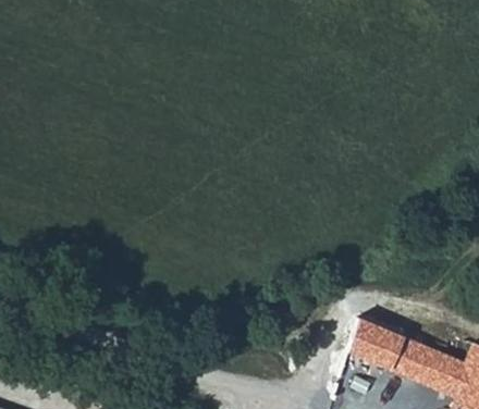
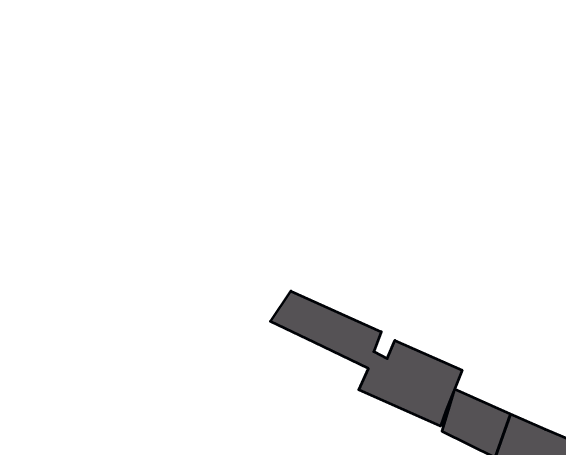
building: none -> [270,291,462,426]

